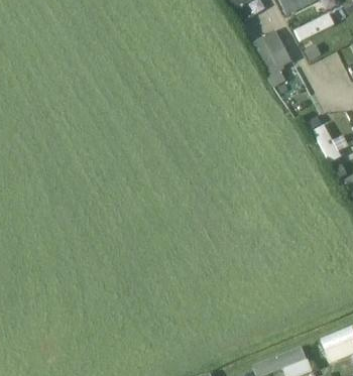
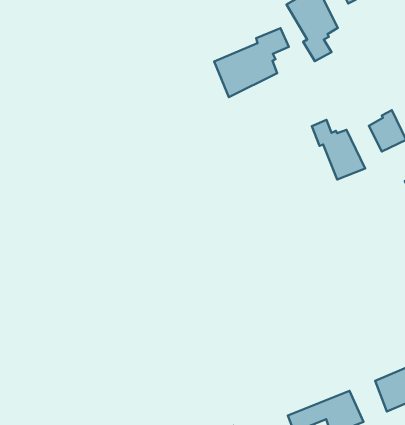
building: none -> [214,28,289,97]
building: none -> [312,120,365,179]

